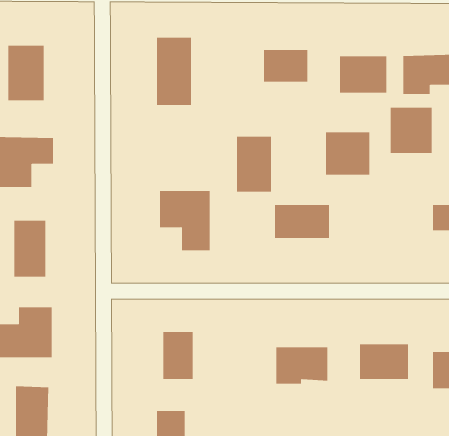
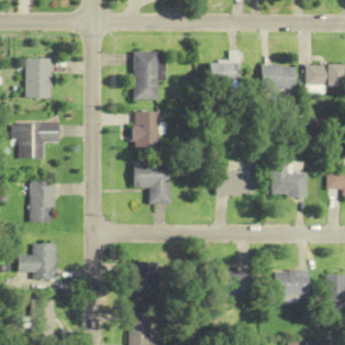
building: [390,107,432,154] -> none
building: [325,132,370,175] -> [271,165,303,196]
building: [236,136,272,192] -> [133,112,158,152]

